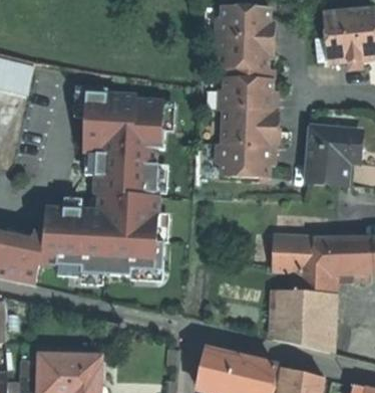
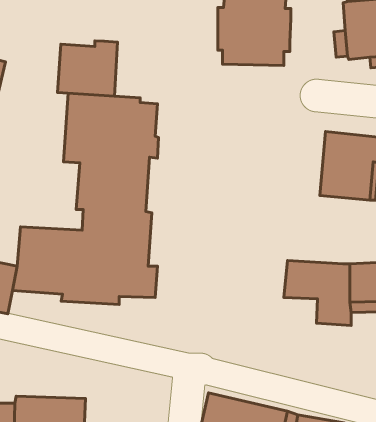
building: none -> [58,41,118,96]
building: [216,75,276,174] -> none
building: [271,287,334,351] -> none

